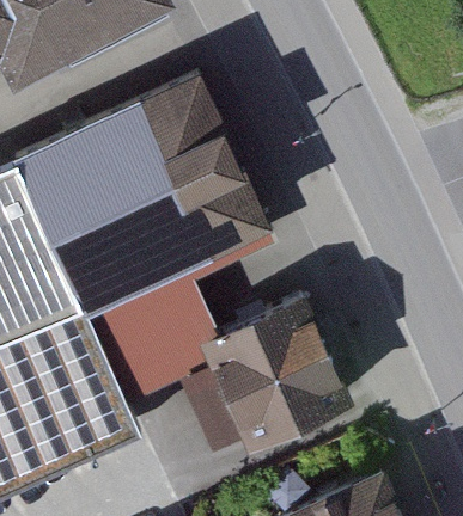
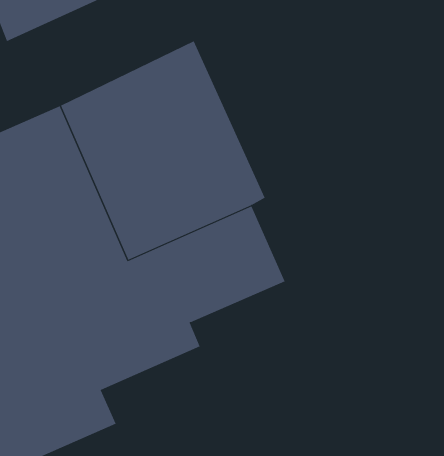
building: [203,296,353,444] -> none

